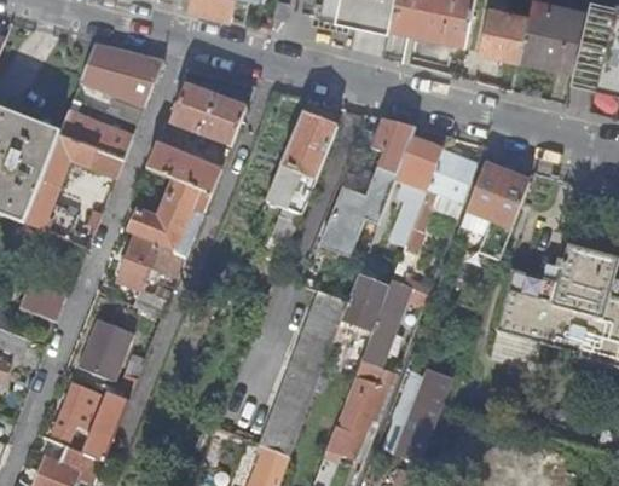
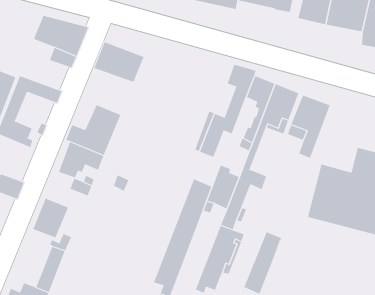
building: [59,110,133,158] -> none
building: [265,111,336,241] -> none
building: [146,141,221,193] -> none
building: [52,382,100,439] -> none

